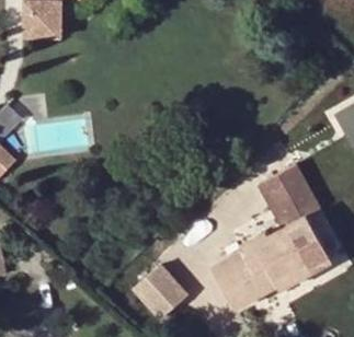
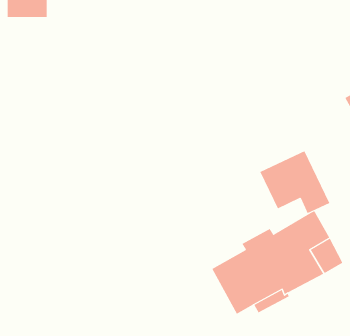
building: [128,260,189,311] -> none

